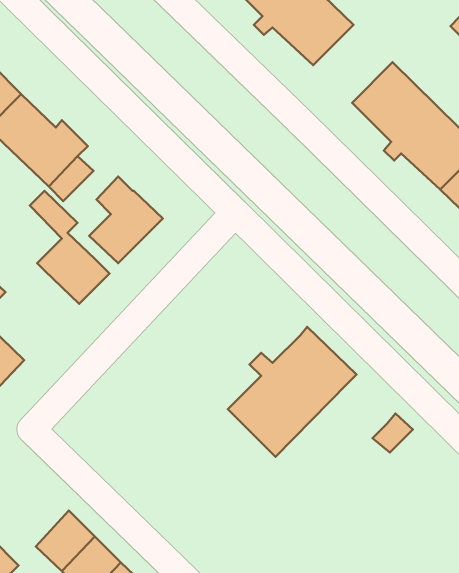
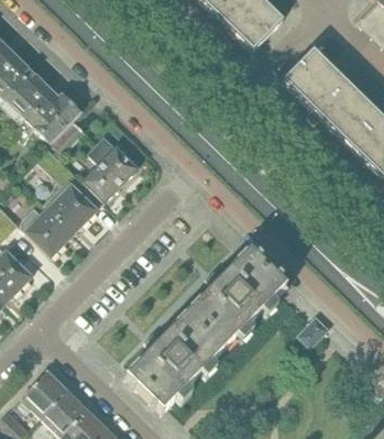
building: none -> [22,207,75,256]
building: none -> [125,312,224,413]
building: none -> [22,370,67,417]

